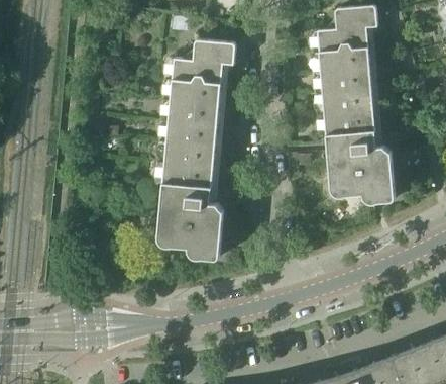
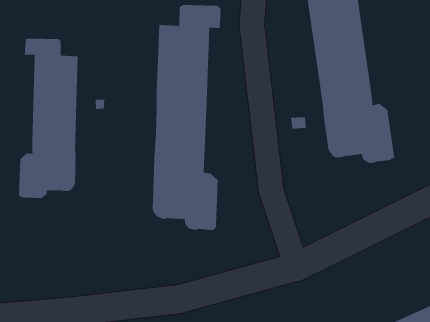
building: none -> [19,38,78,199]

